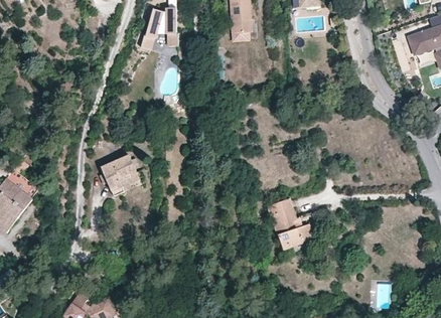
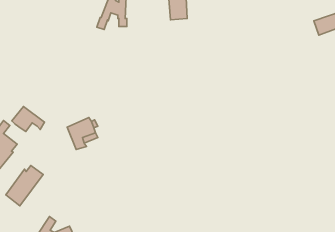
building: none -> [12,107,44,132]
building: [266,198,313,250] -> none
building: none -> [6,166,43,206]

